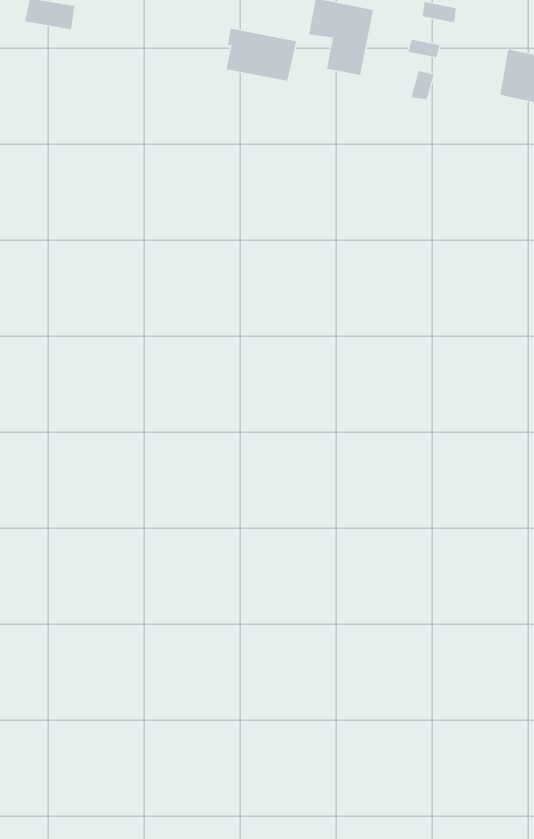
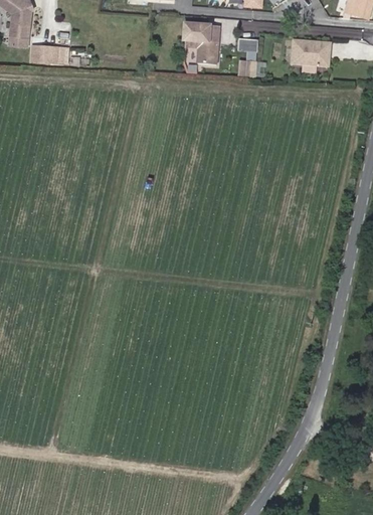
building: [226,28,297,82] -> none

